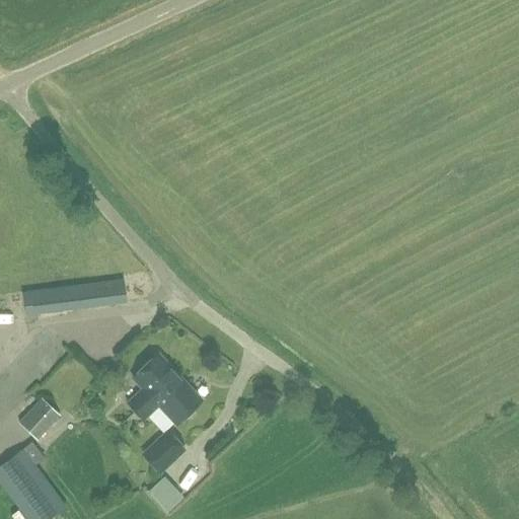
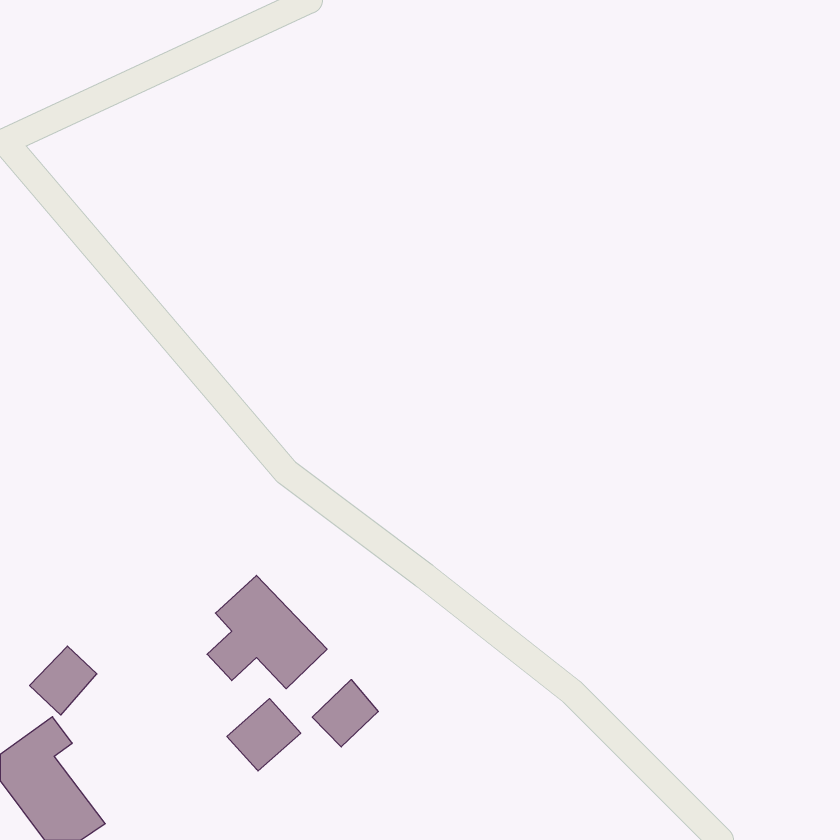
building: [21,280,126,316] -> none
building: none -> [312,680,378,747]

